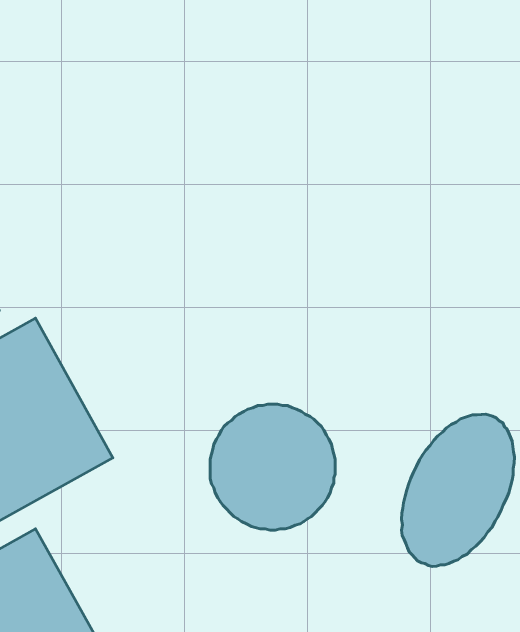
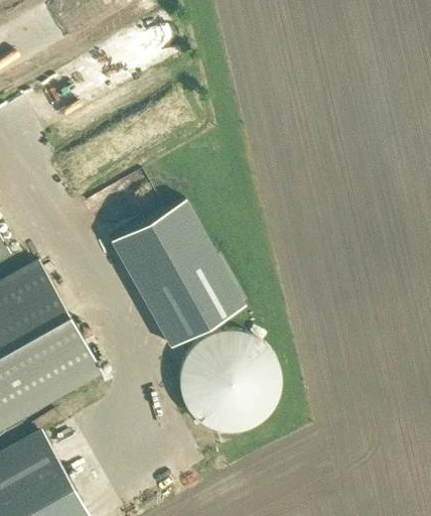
building: none -> [106,195,240,342]
building: [402,414,514,566] -> none

